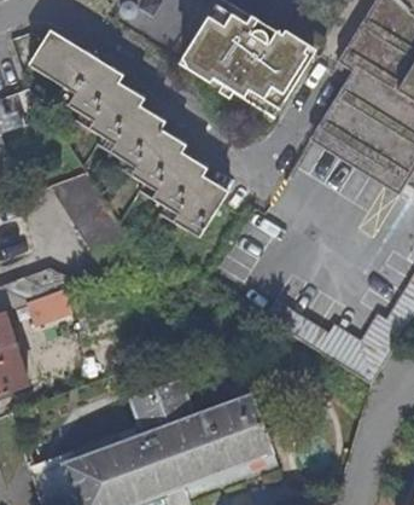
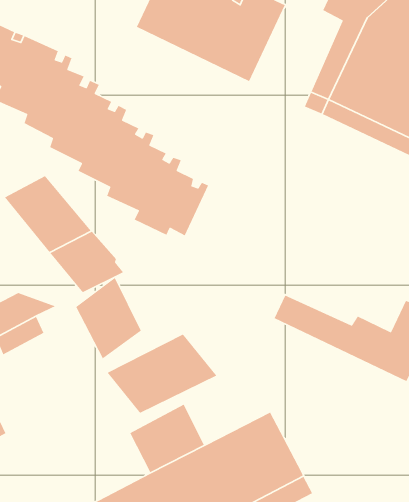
building: none -> [75,277,142,359]
building: none -> [107,334,218,414]

